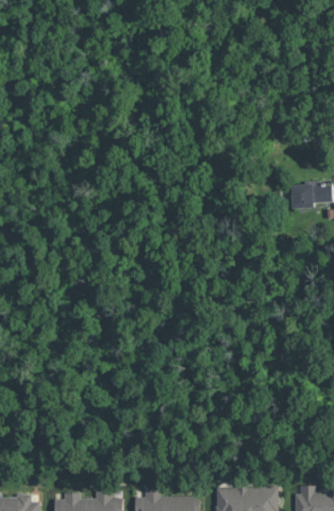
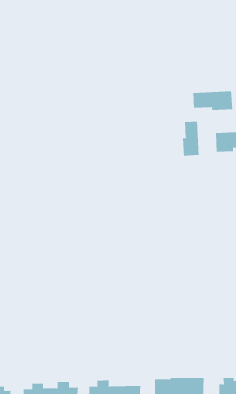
building: none -> [193,91,233,111]
building: none -> [183,121,199,157]

